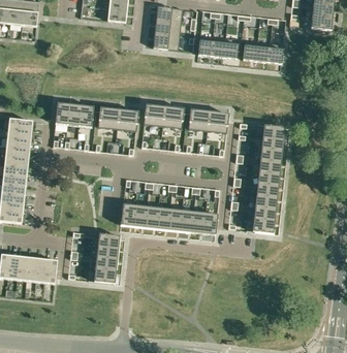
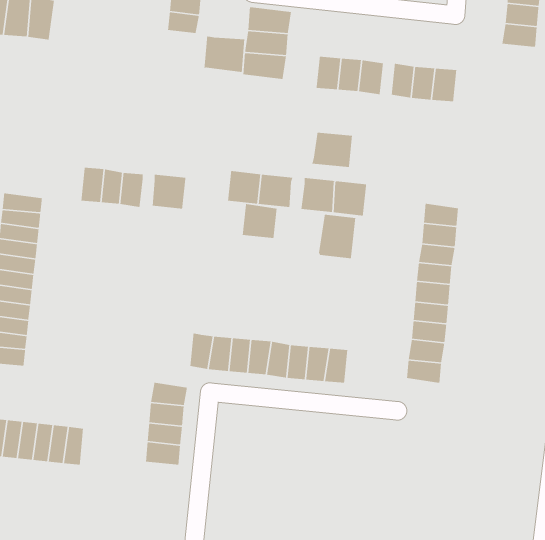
building: none -> [204,36,245,73]
building: none -> [312,132,353,168]
building: [117,109,138,131] -> [242,203,277,239]
building: none -> [318,214,356,259]

